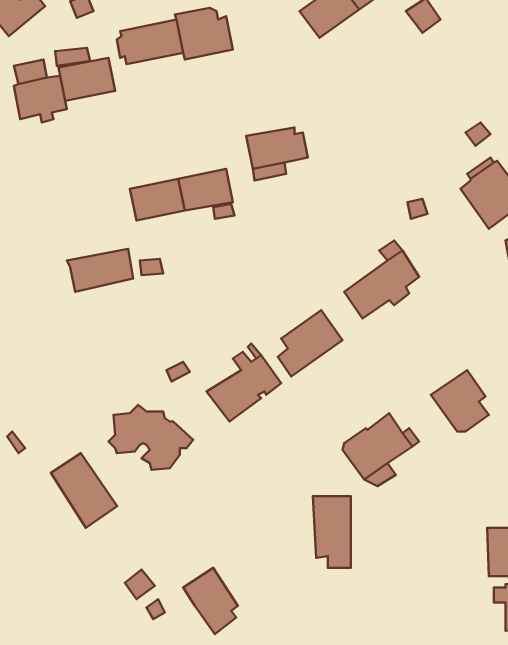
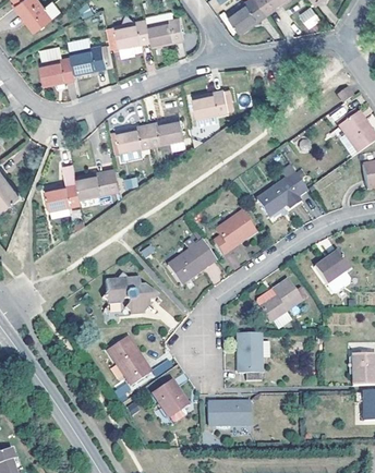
building: none -> [45,182,82,218]
building: [51,453,117,528] -> [108,336,152,385]
building: none -> [207,401,251,425]

